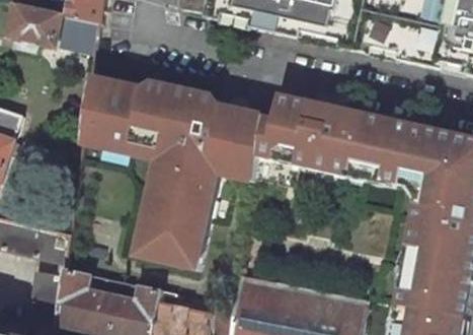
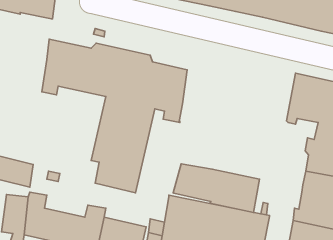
building: [254,89,396,179] -> none
building: none -> [173,164,260,212]

